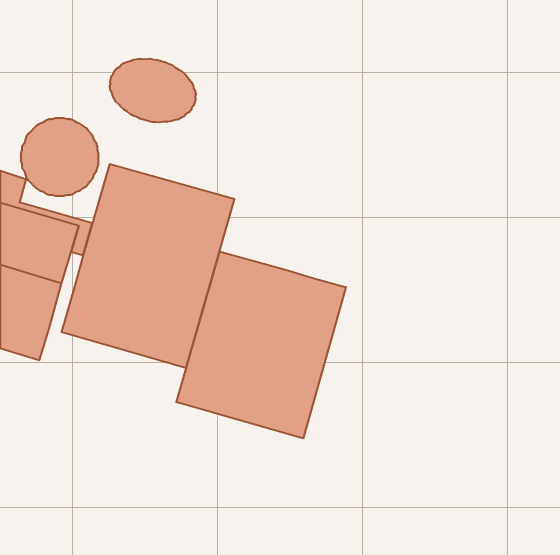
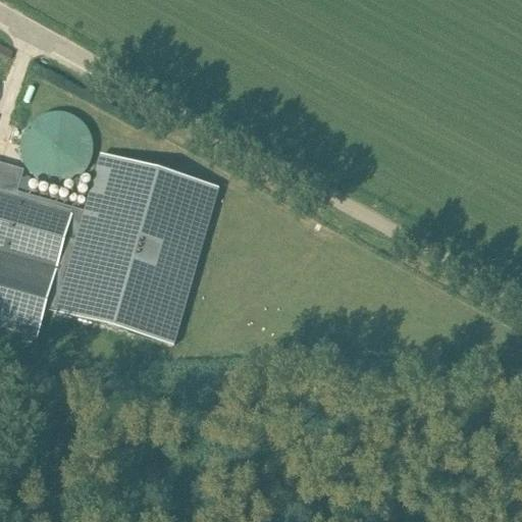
building: [110,59,196,122] -> none
building: [176,251,346,438] -> none

